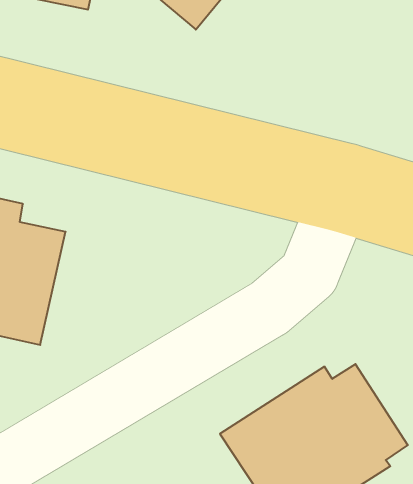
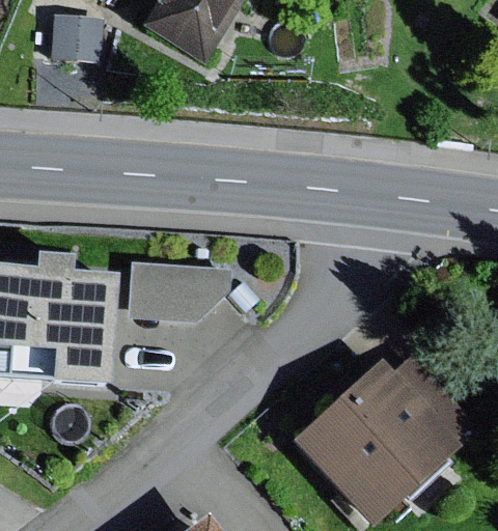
building: none -> [126,259,231,322]

